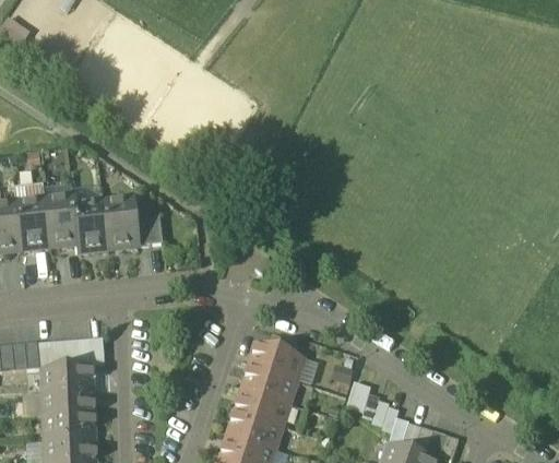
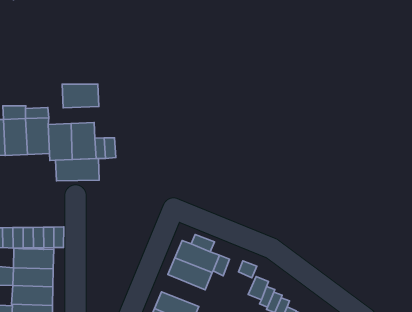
building: none -> [62,84,99,108]
building: none -> [55,159,99,181]
building: [235,390,290,428] -> none

